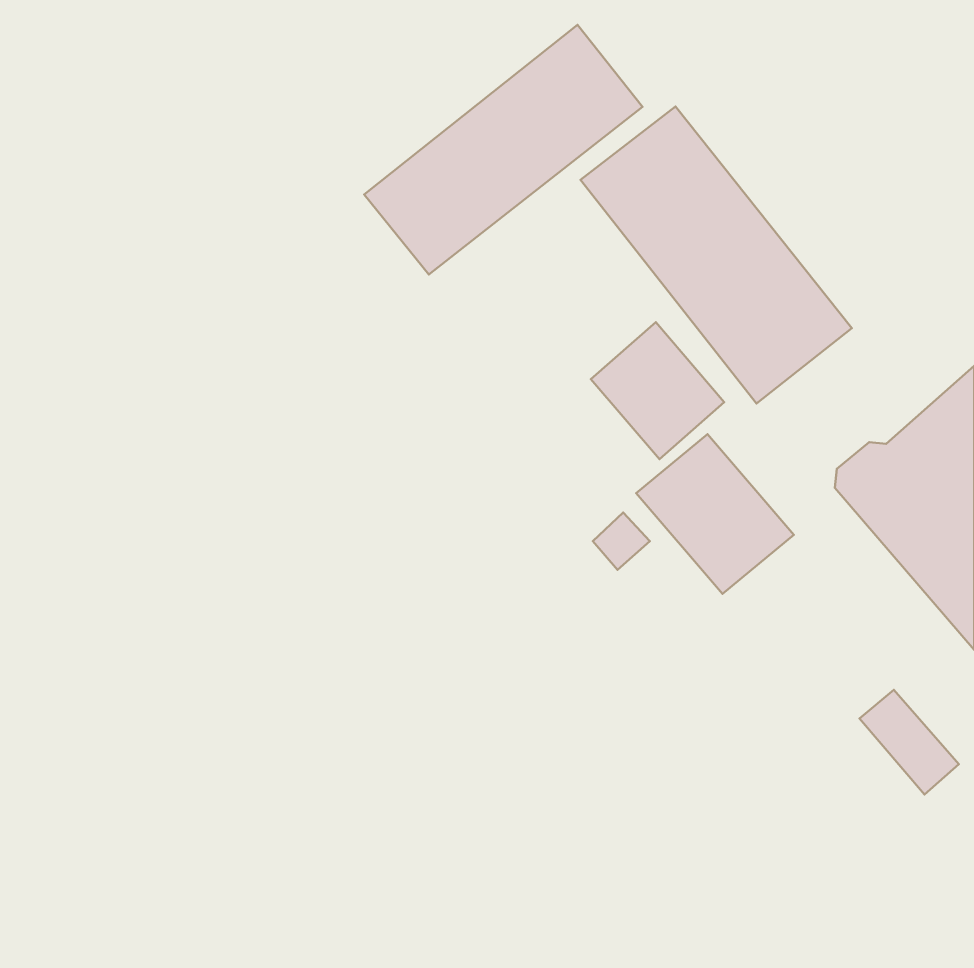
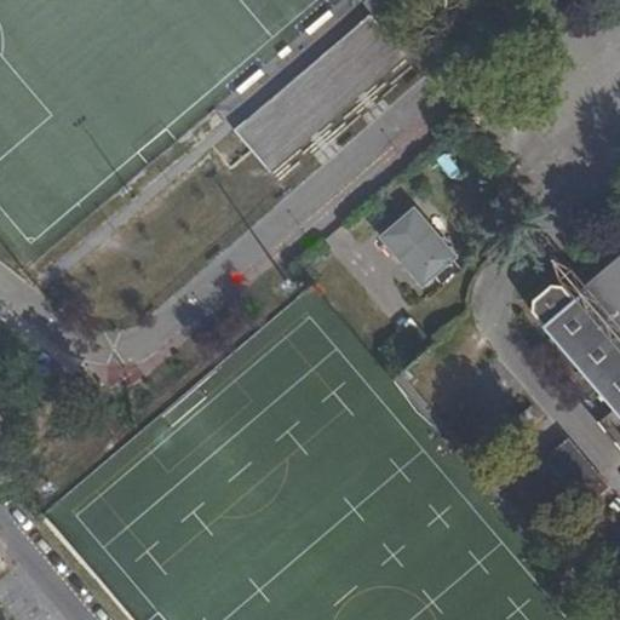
building: [581,107,852,404] -> none
building: [636,434,794,594] -> none

